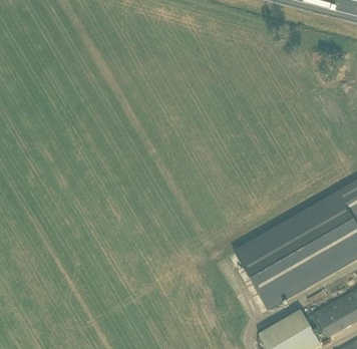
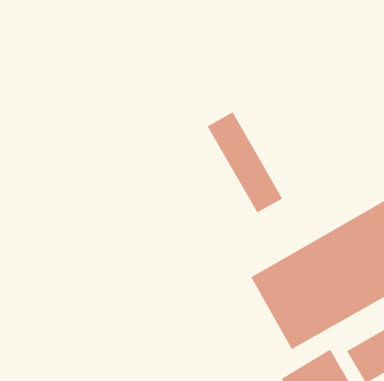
building: none -> [207,112,283,213]

